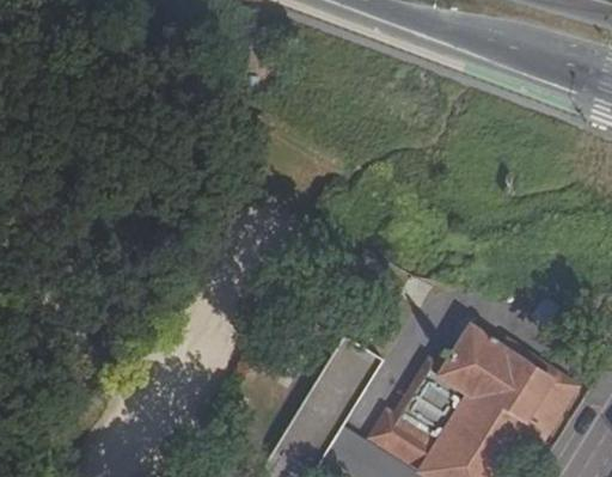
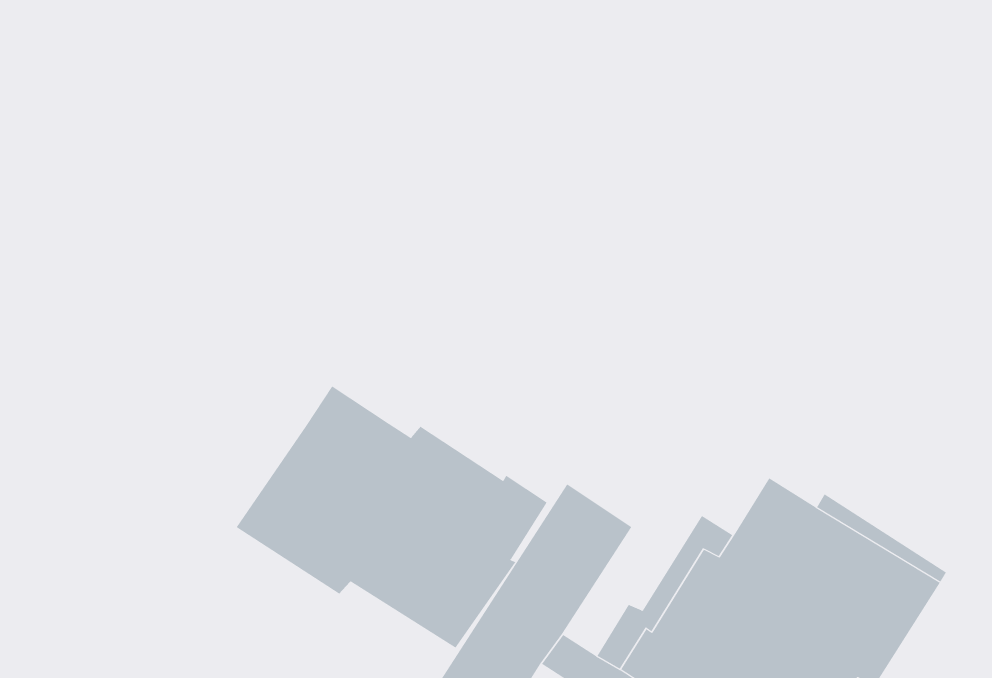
building: none -> [236,386,547,649]

